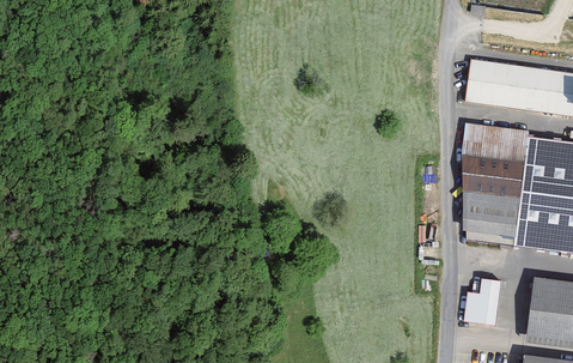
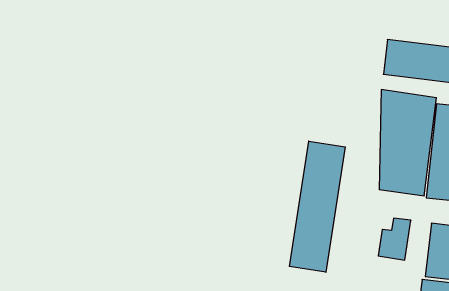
building: none -> [289,141,345,272]

